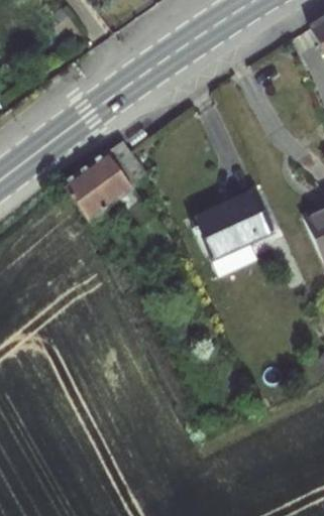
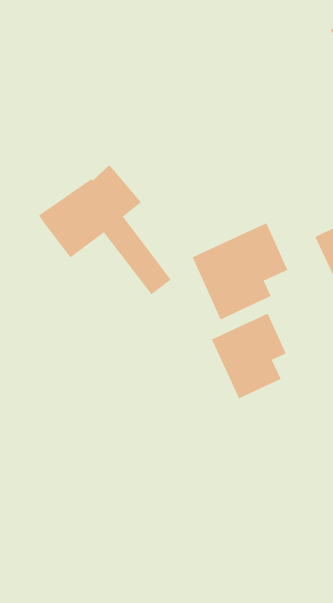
building: none -> [211,313,287,399]

